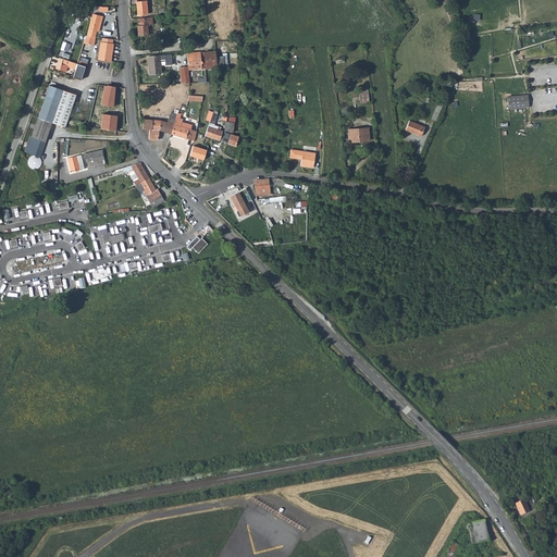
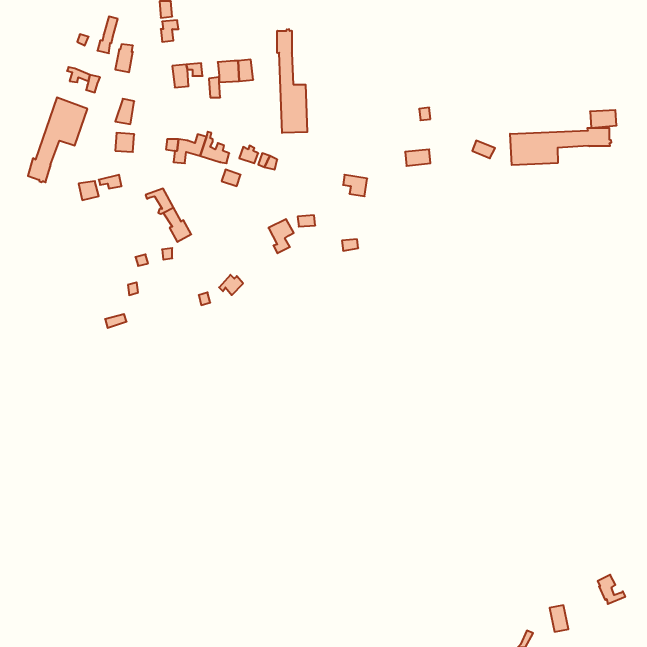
building: none -> [277,29,307,133]
building: none -> [510,128,611,165]

